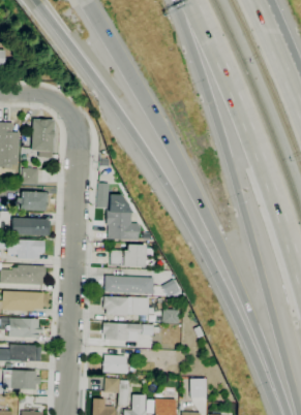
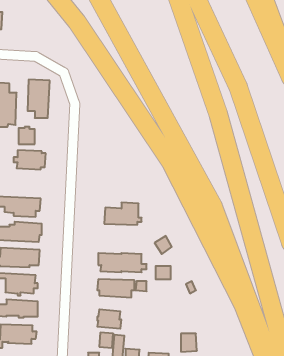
building: [107,195,141,241] -> none
building: [12,218,51,235] -> none
building: [106,275,154,294] -> none

